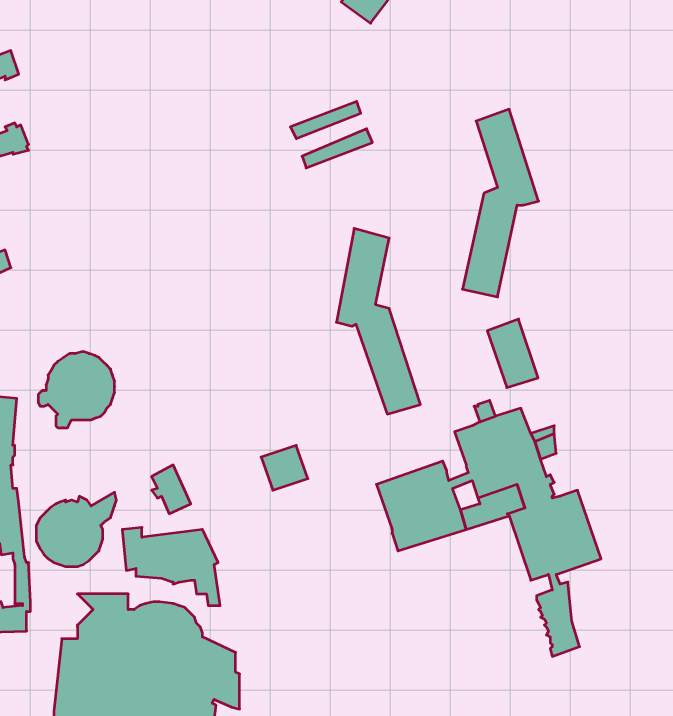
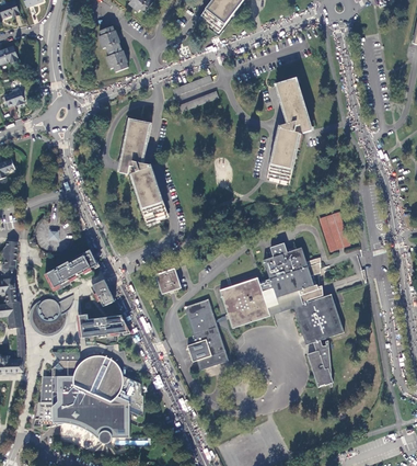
building: none -> [97,27,127,72]
building: [336,228,420,414] -> [119,121,166,225]
building: [487,319,538,388] -> [320,213,348,251]
building: none -> [46,250,97,292]
building: none -> [183,299,228,371]

